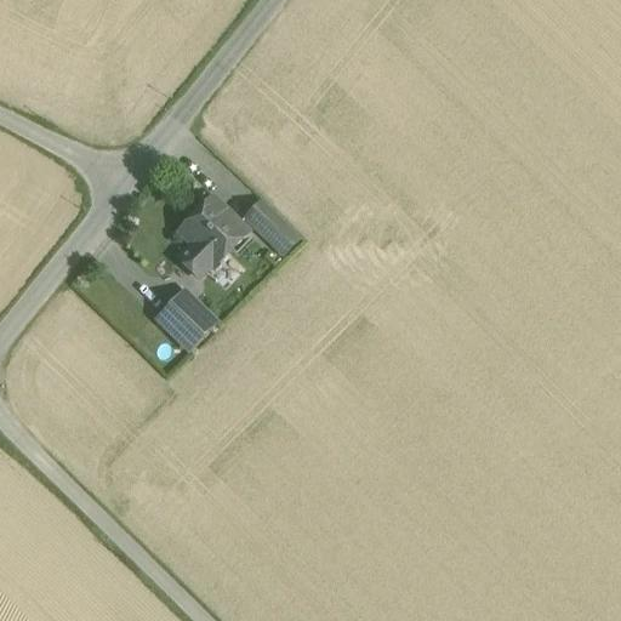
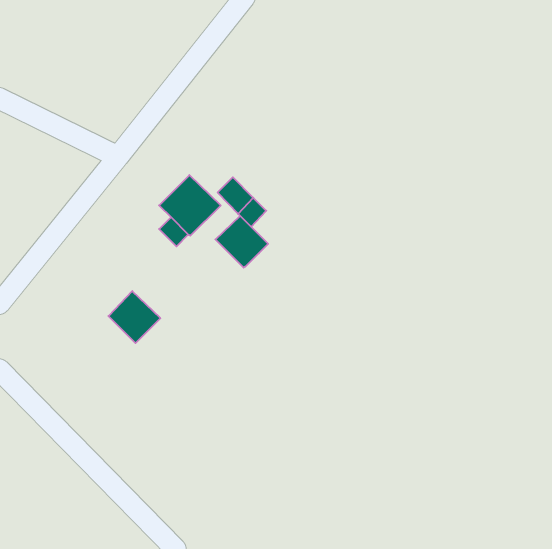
building: none -> [215,216,268,268]
building: [158,291,216,349] -> [108,291,160,343]

